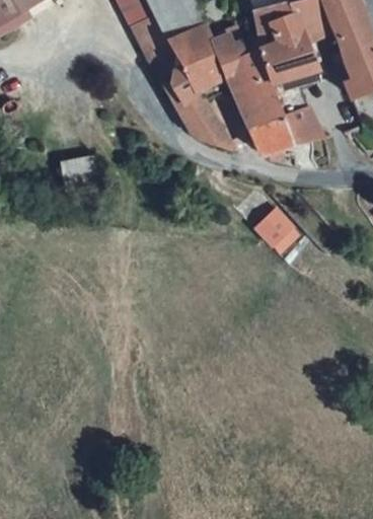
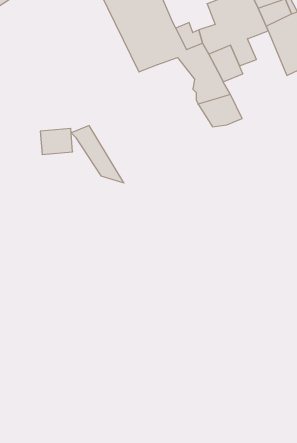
building: [178,83,238,148] -> [71,126,124,183]
building: [274,93,315,144] -> none
building: [260,208,304,253] -> none

